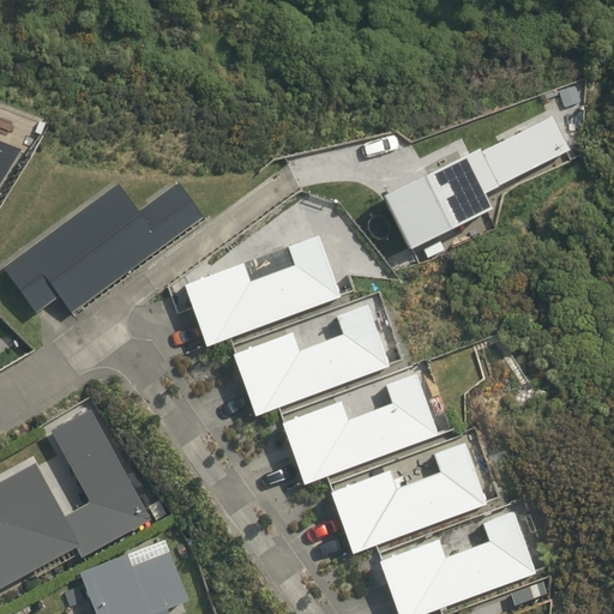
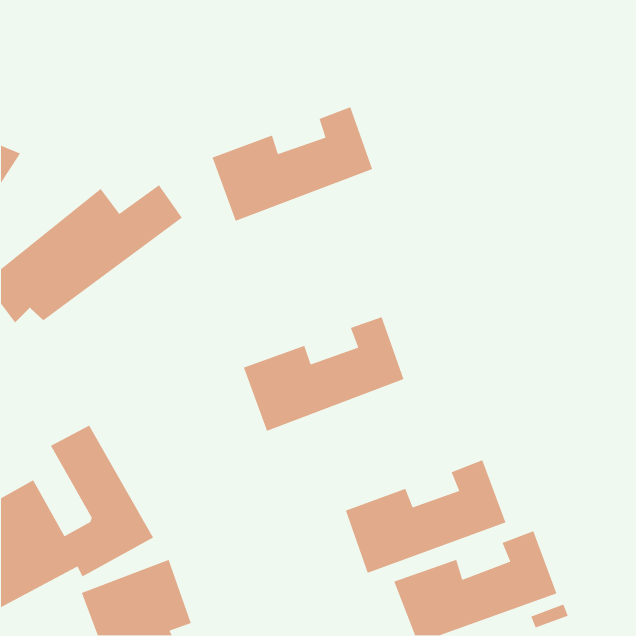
building: [385,118,571,251] -> none
building: [186,235,342,347] -> [211,106,373,222]
building: [283,373,439,484] -> none

